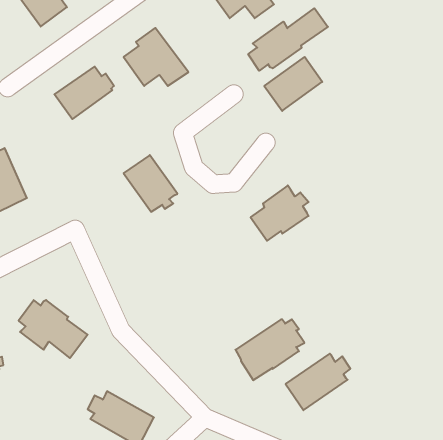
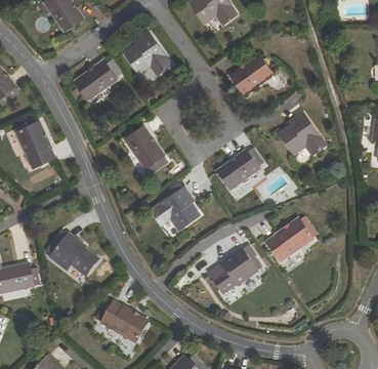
building: [248,8,328,71] -> none
building: none -> [279,111,327,156]
building: none -> [149,183,197,229]
building: [286,354,350,410] -> [266,219,314,261]

